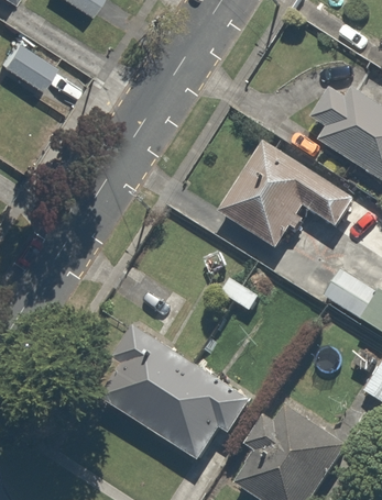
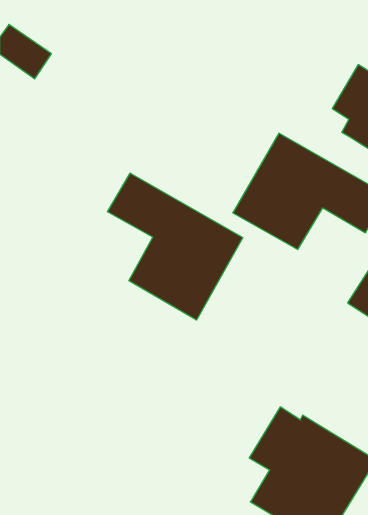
building: none -> [108,173,243,320]
building: [95,325,249,462] -> none

